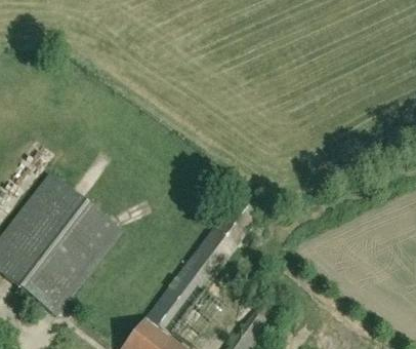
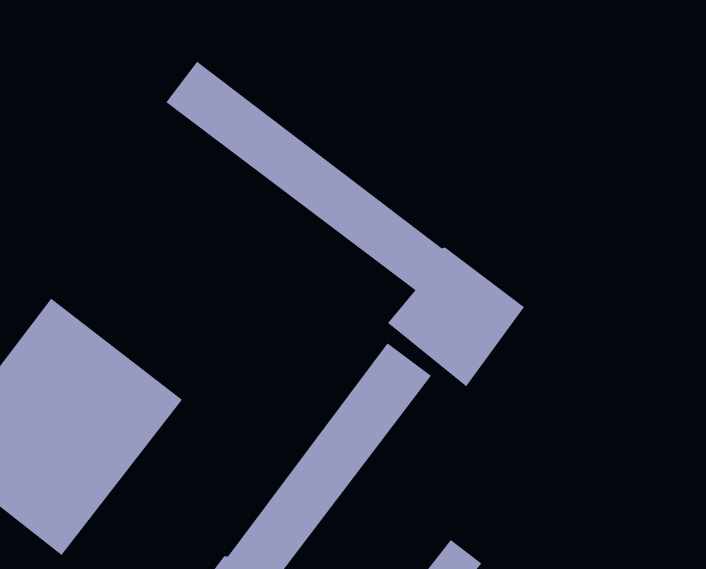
building: none -> [165,61,525,387]

